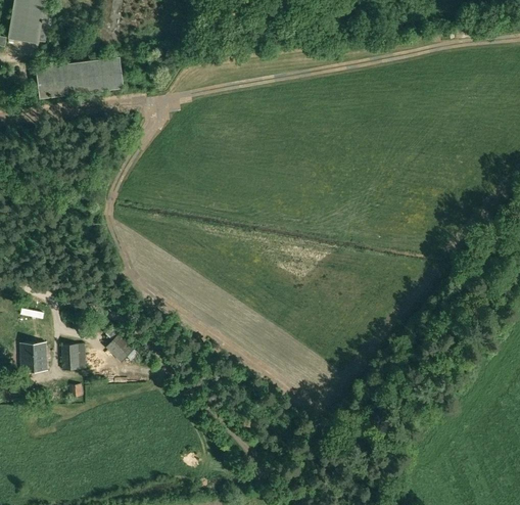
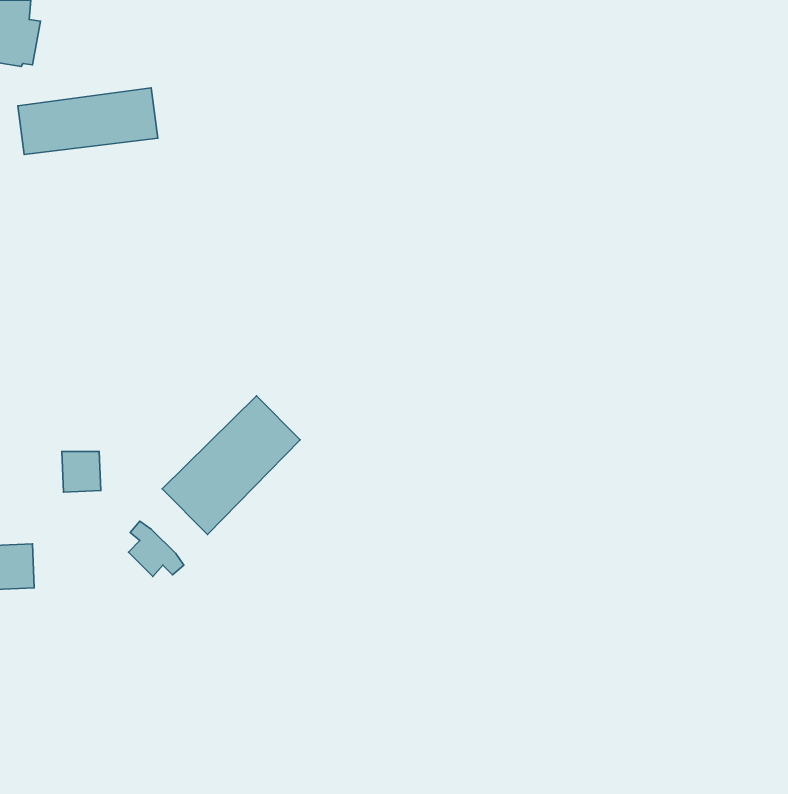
building: none -> [162,396,300,534]
building: [61,345,86,370] -> [62,451,101,492]

